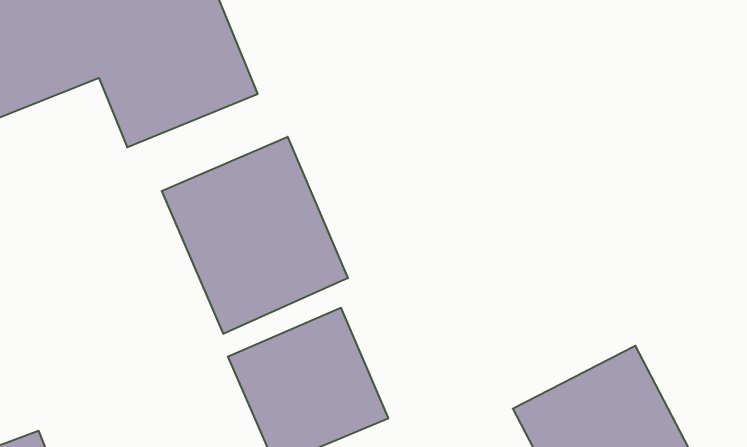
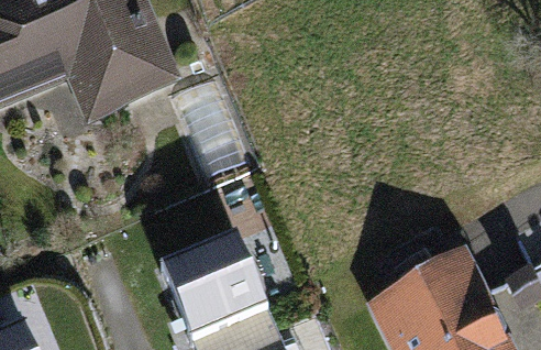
building: [162,137,348,334] -> none

